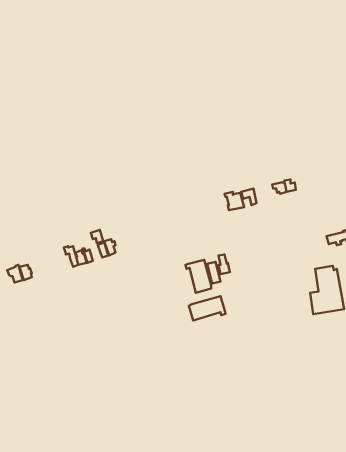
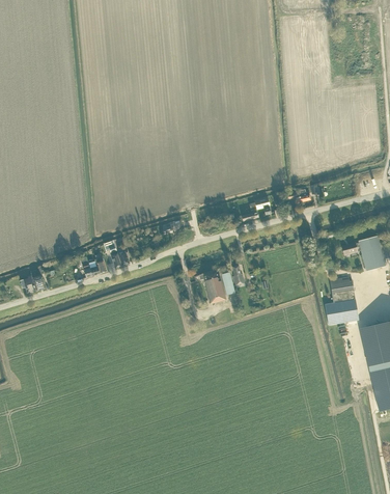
building: [189,296,226,320] -> none

